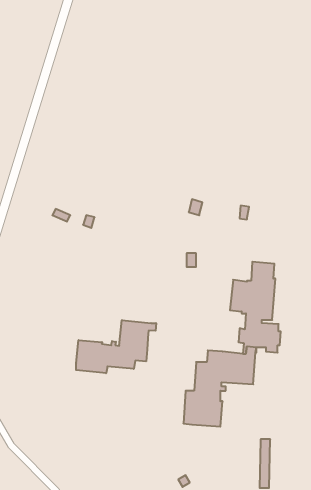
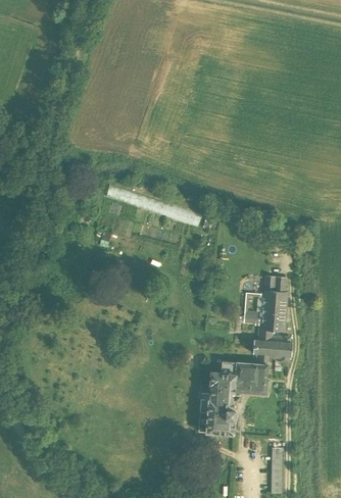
building: [76,320,156,373] -> none

